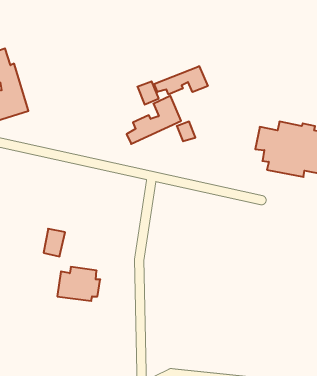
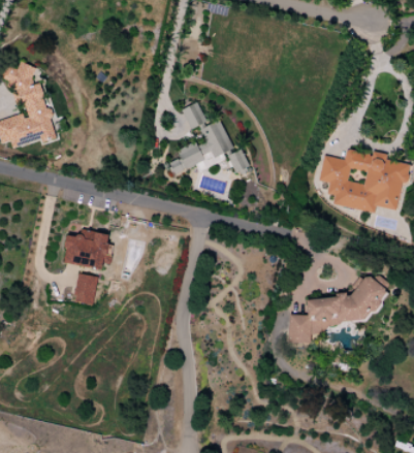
building: [154,66,208,94] -> none
building: none -> [287,277,385,344]
building: [57,267,100,301] -> [63,229,113,268]

